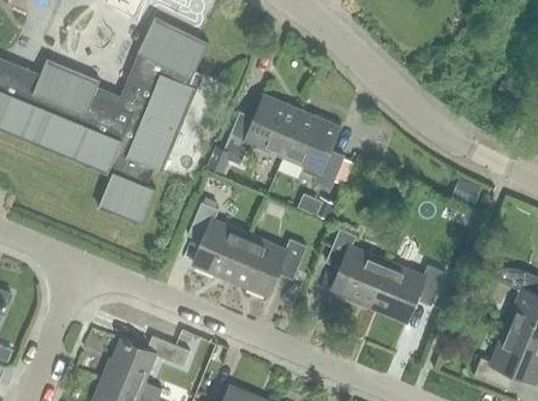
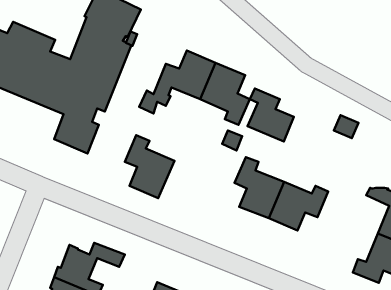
building: none -> [248,89,294,141]
building: [229,234,306,297] -> none

